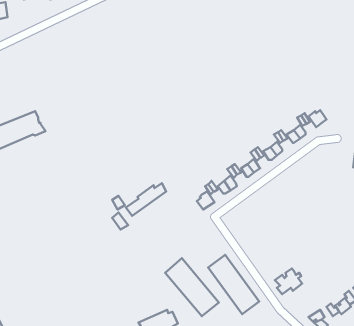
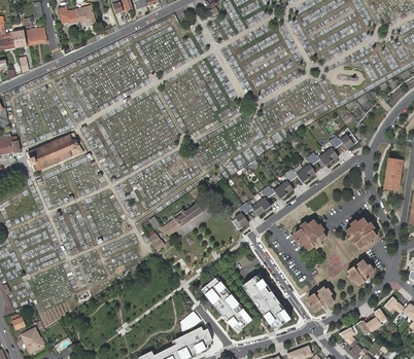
building: none -> [345,217,377,249]
building: none -> [295,220,327,253]
building: none -> [346,258,374,287]

